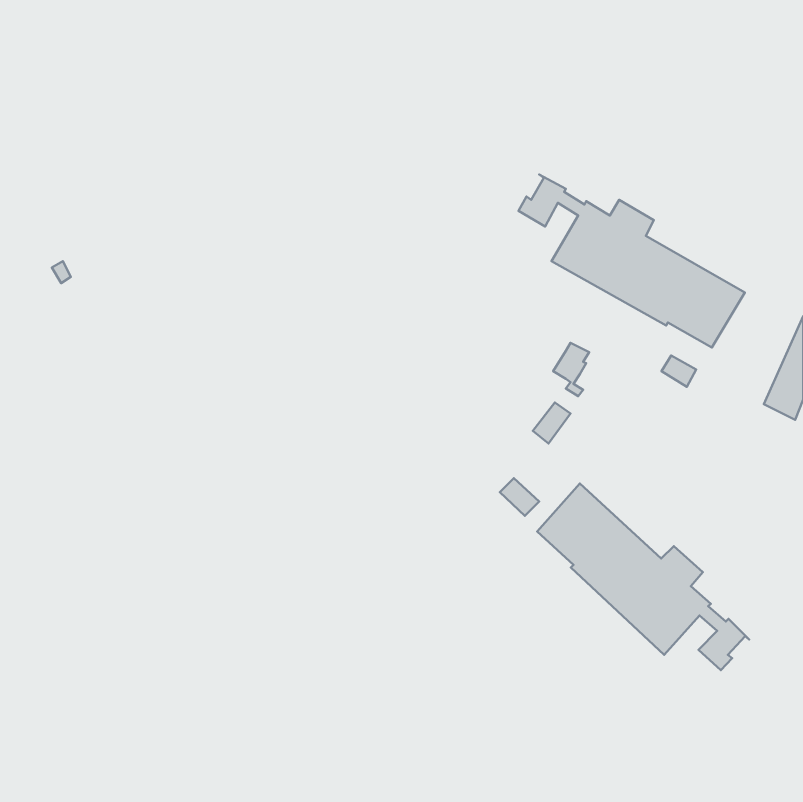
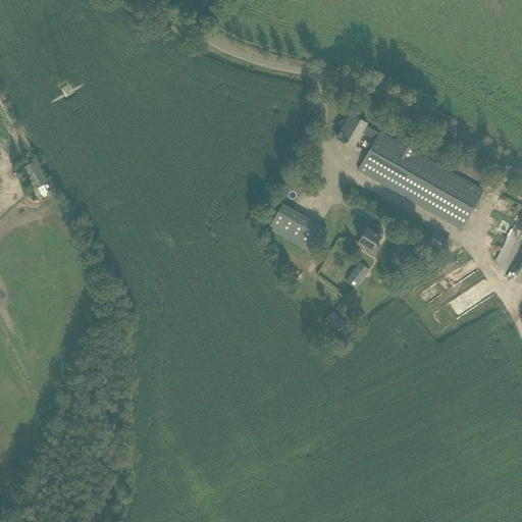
building: none -> [269,203,326,251]
building: [537,483,749,670] -> none

